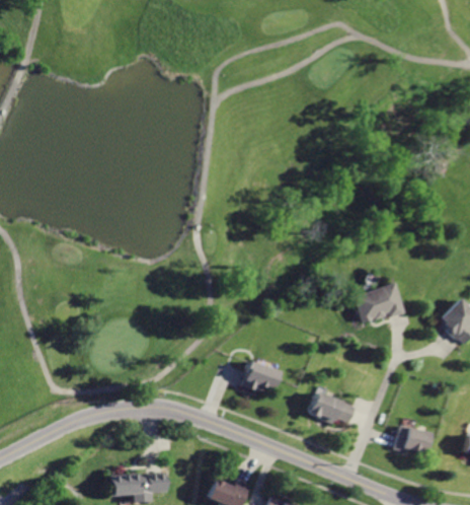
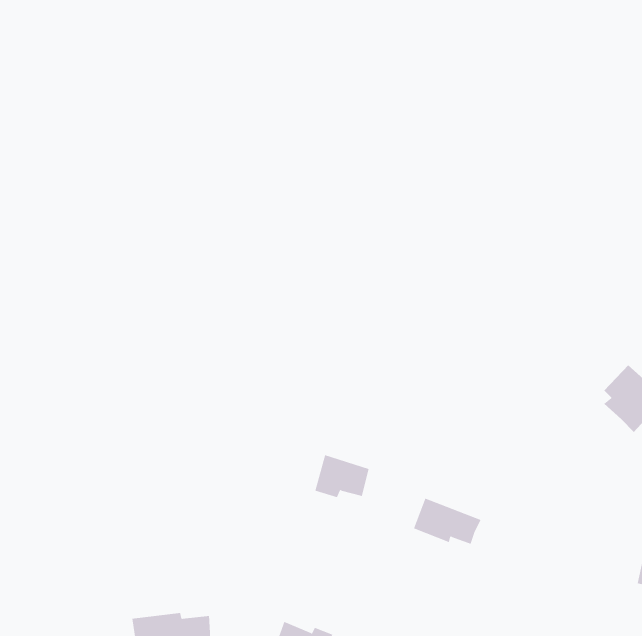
building: [350,283,402,323] -> none
building: [395,426,429,453] -> none

